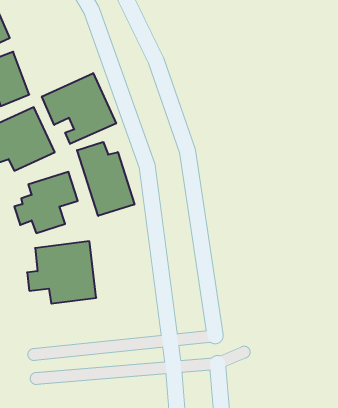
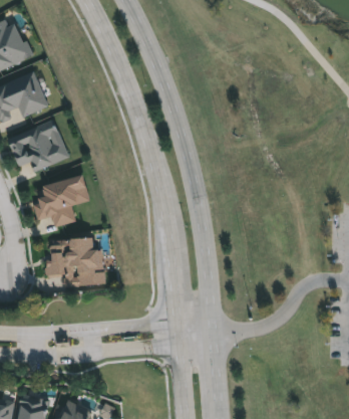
building: [42,73,116,144] -> none
building: [77,142,134,216] -> none

